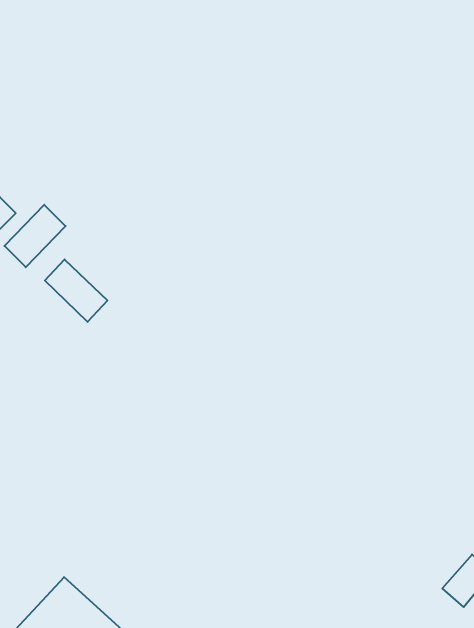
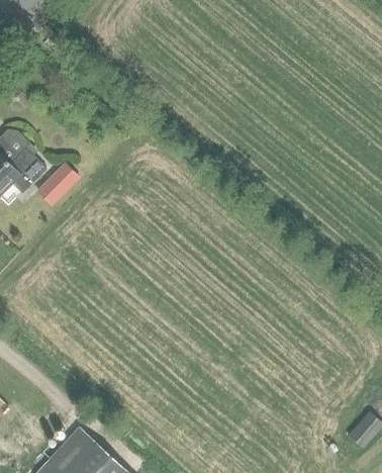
building: [45,259,107,322] -> none

